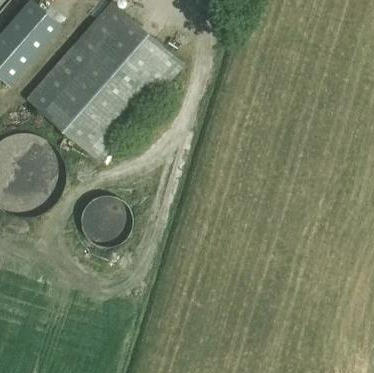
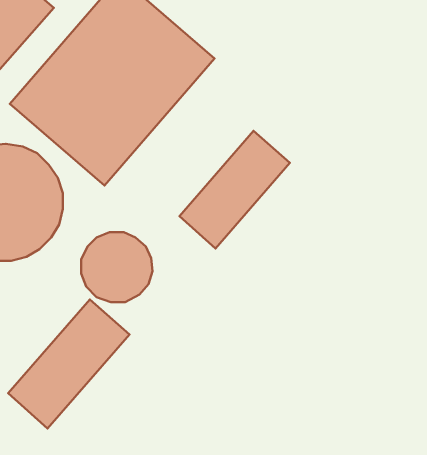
building: none -> [179,131,290,248]
building: none -> [8,299,129,428]

